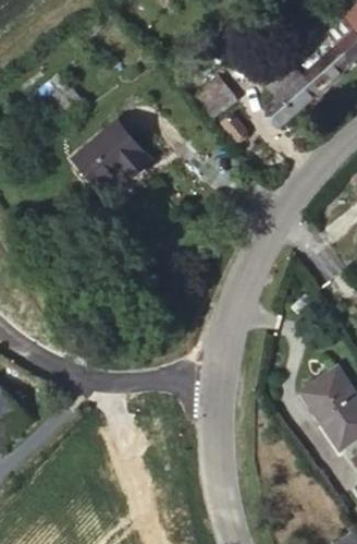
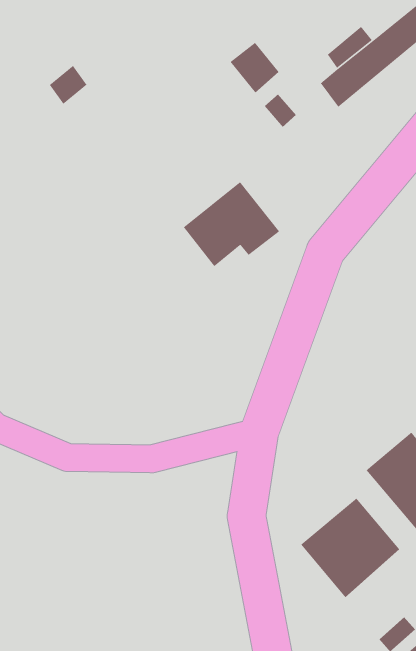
building: [84,118,158,183] -> [183,181,280,267]
building: none -> [300,497,400,598]

